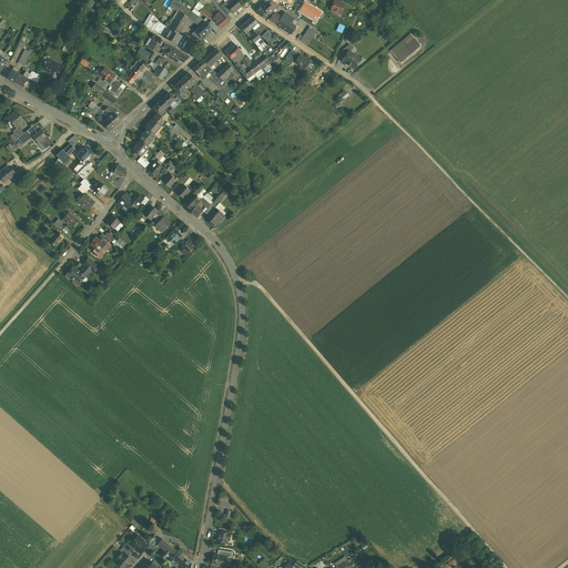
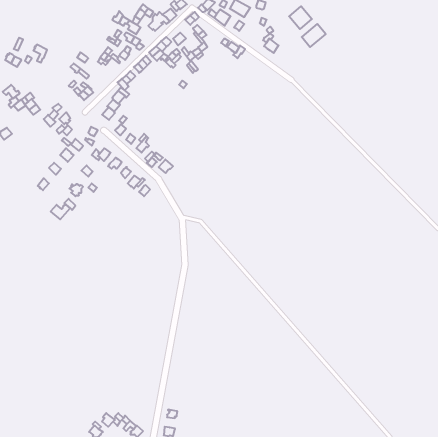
building: none -> [289,6,312,29]

